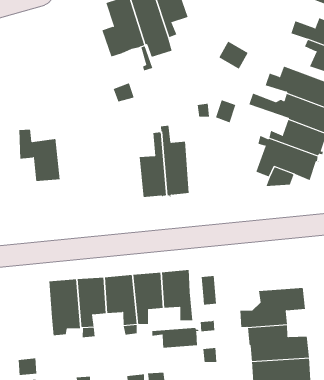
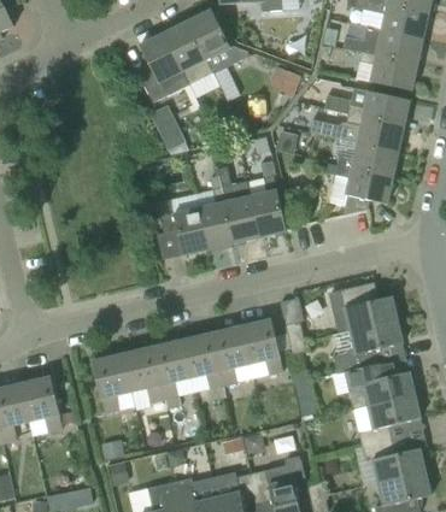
building: [18,129,60,182] -> [157,199,210,254]
building: none -> [247,166,286,236]
building: none -> [340,281,397,330]
building: none -> [92,353,130,412]
building: [152,327,199,348] -> none

